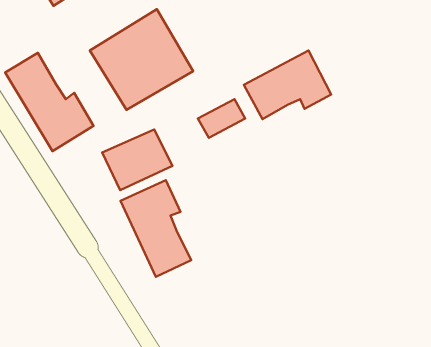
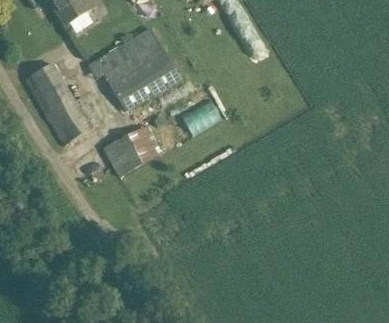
building: [244,51,331,119] -> none
building: [121,180,191,277] -> none

